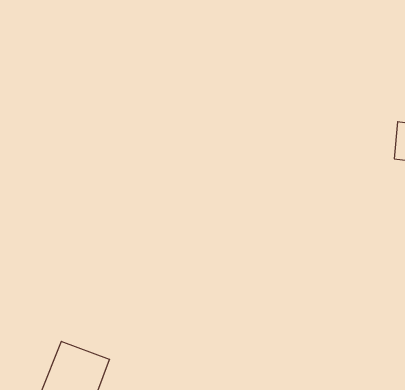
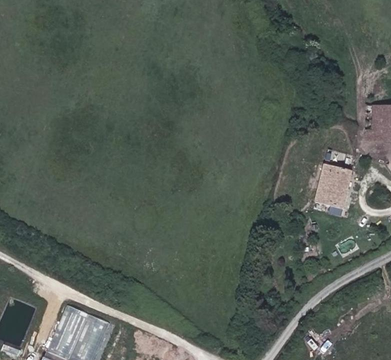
building: none -> [314,163,350,206]

